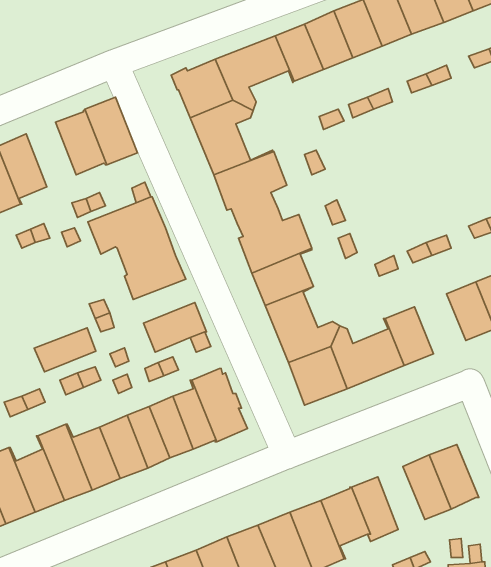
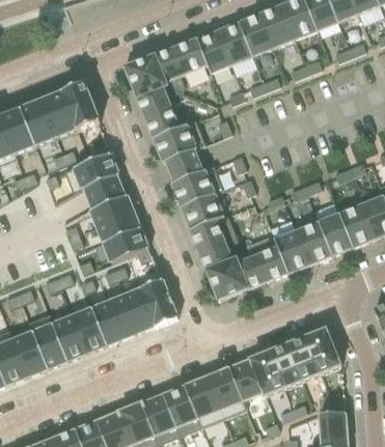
building: none -> [20,100,55,145]
building: none -> [295,221,331,263]
building: [34,328,96,372] -> [95,211,139,242]
building: none -> [269,343,302,388]

